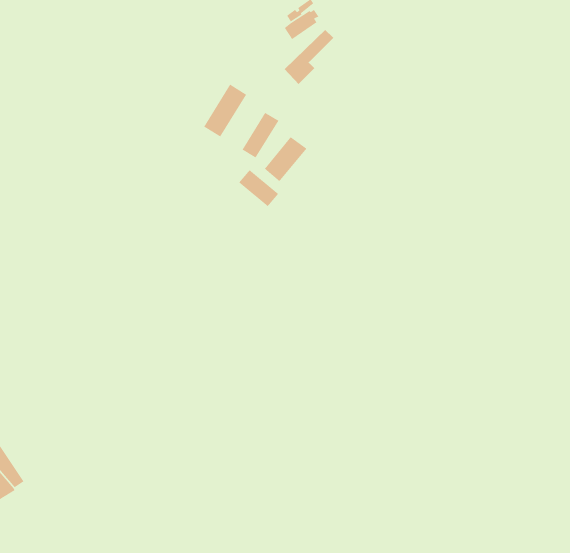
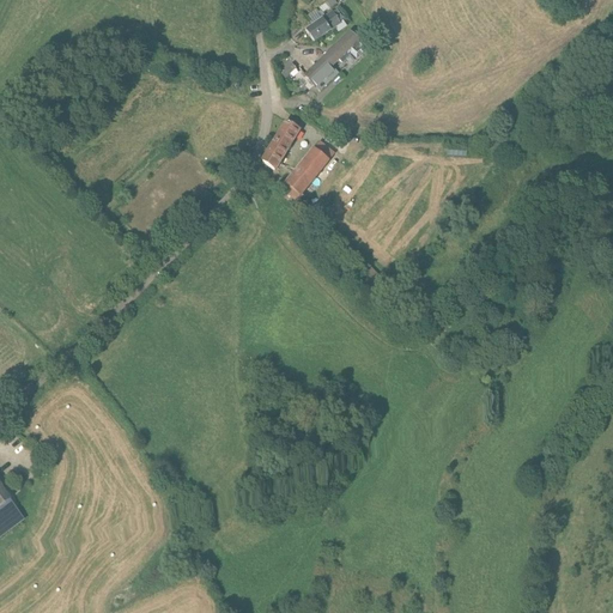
building: [203,84,247,138] -> none
building: [238,169,279,207] -> none

